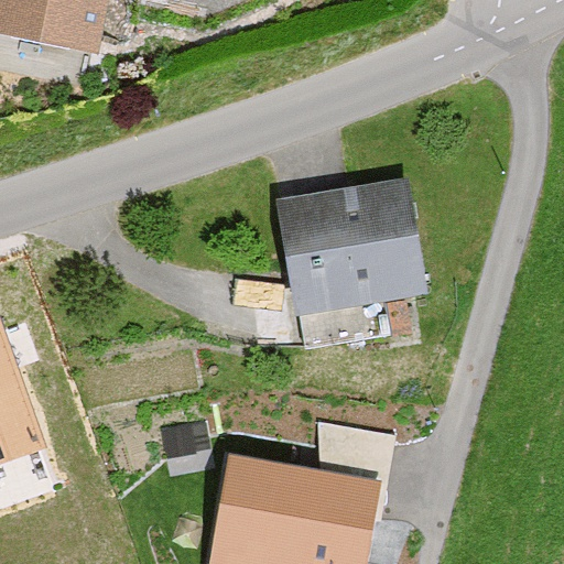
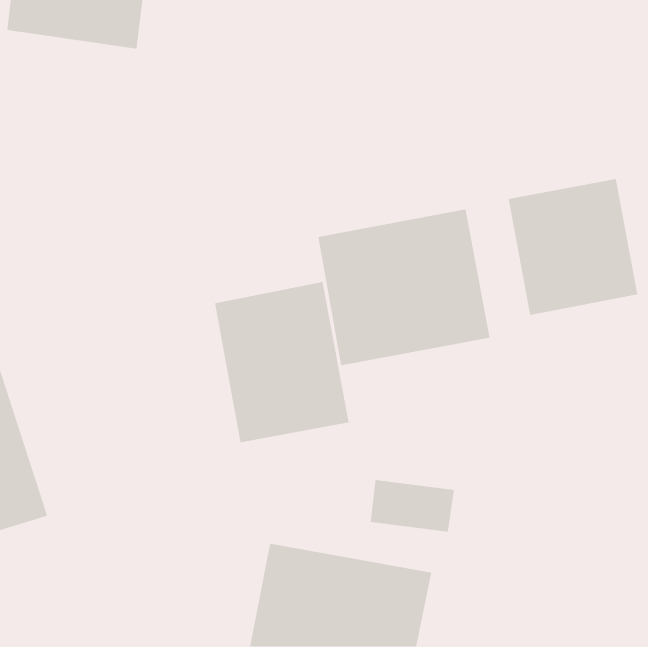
building: none -> [508,178,638,316]
building: none -> [214,281,349,443]

